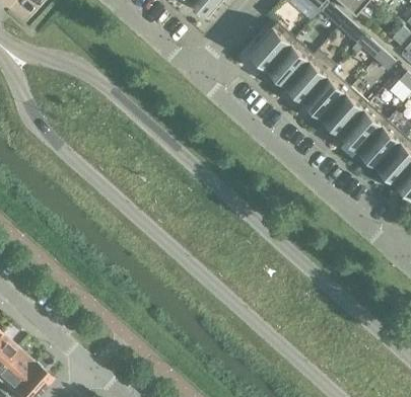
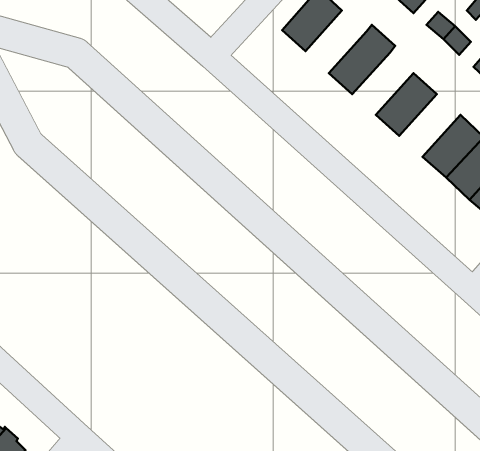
building: [266,38,314,87] -> none
building: [302,71,350,120] -> none
building: [339,103,387,152] -> none

